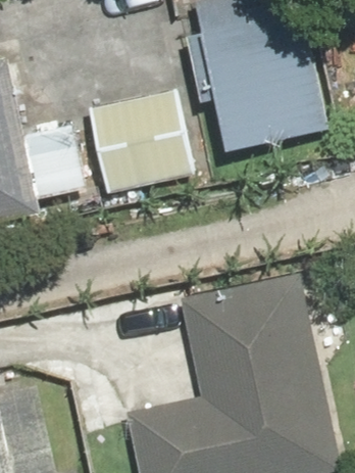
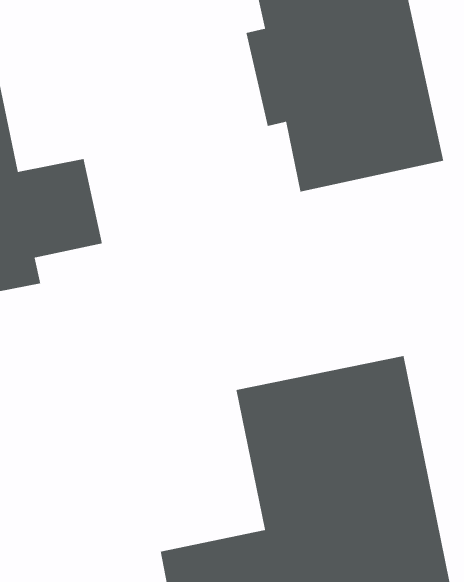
building: [91,93,195,195] -> none

